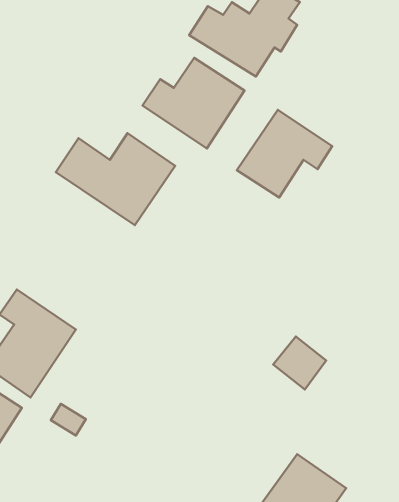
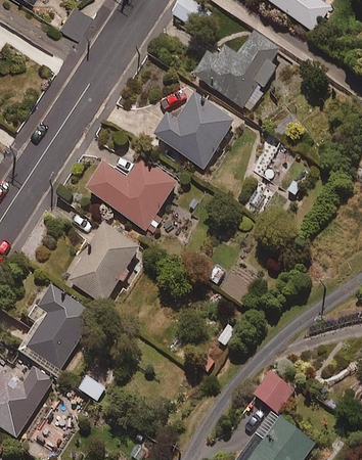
building: [237,110,332,198] -> none
building: none -> [66,222,140,304]
building: [273,337,326,390] -> [252,370,295,413]

